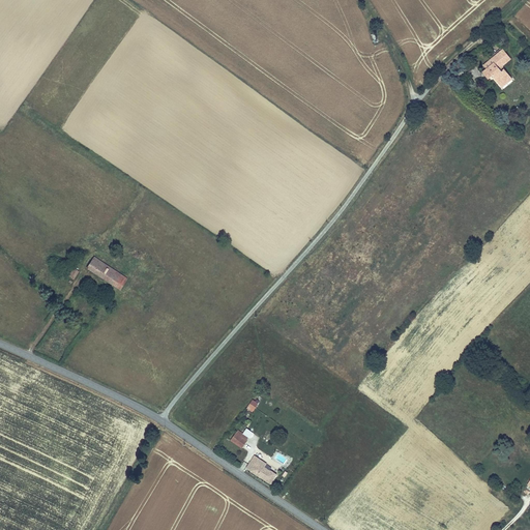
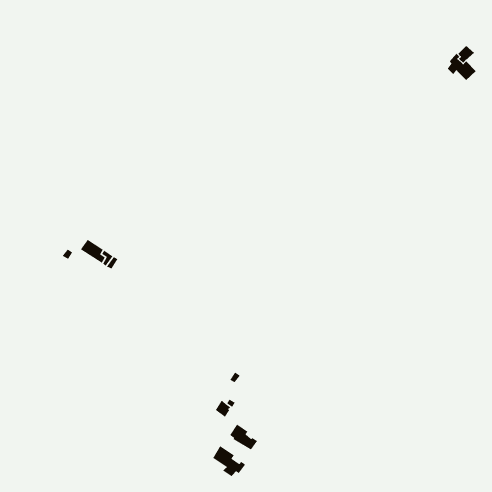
building: none -> [212,445,246,477]

